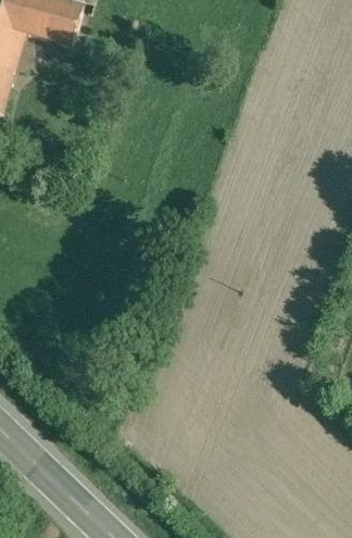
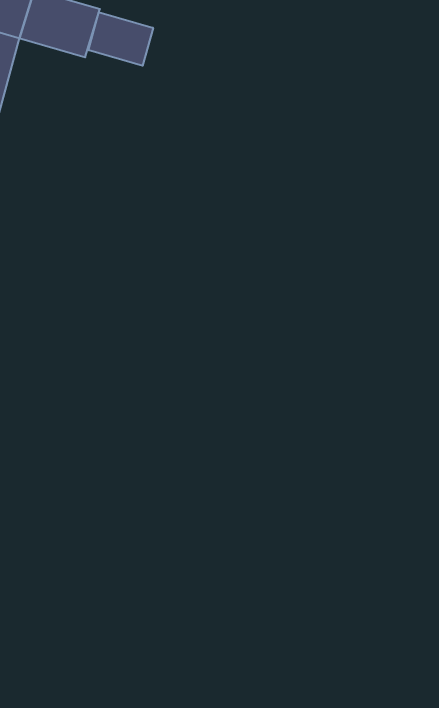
building: none -> [88,12,153,66]

